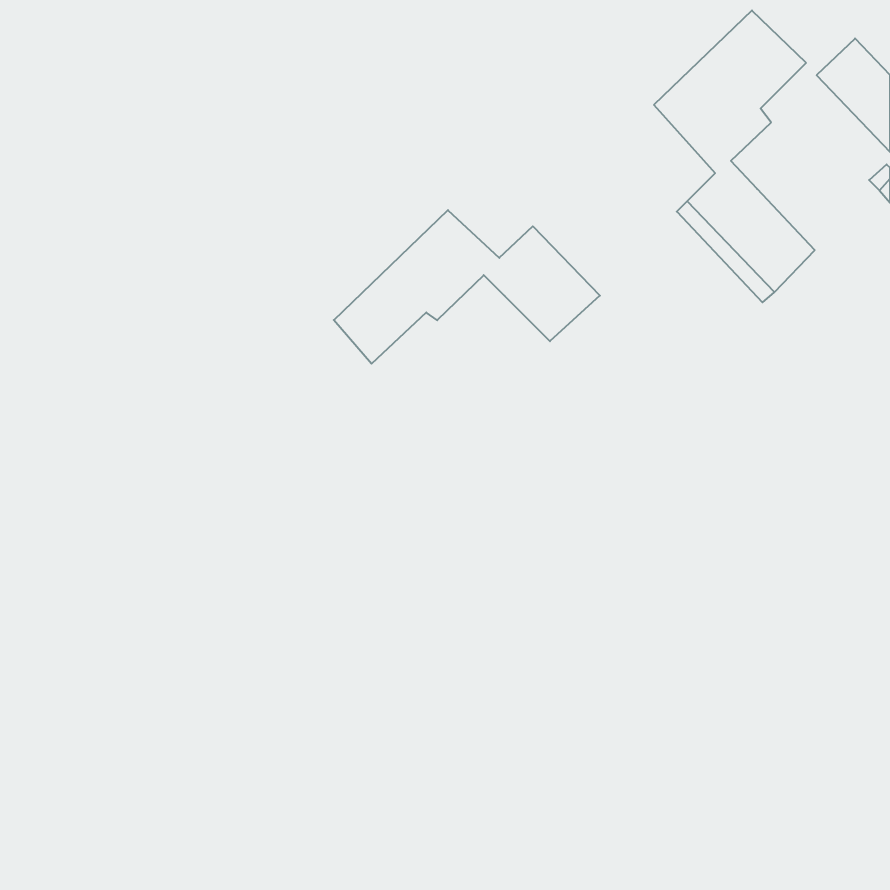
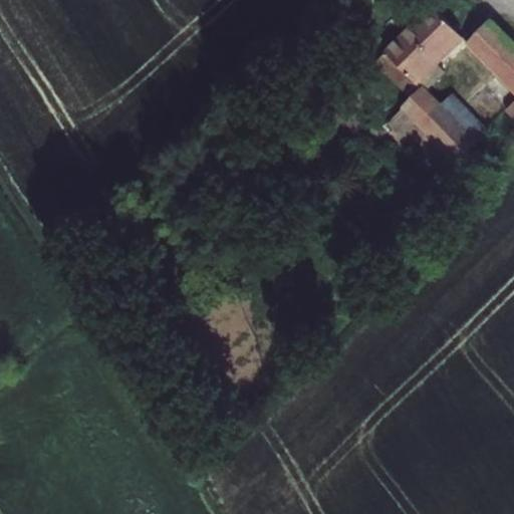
building: none -> [435,92,485,144]
building: [334,210,600,364] -> none

